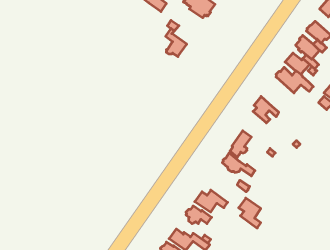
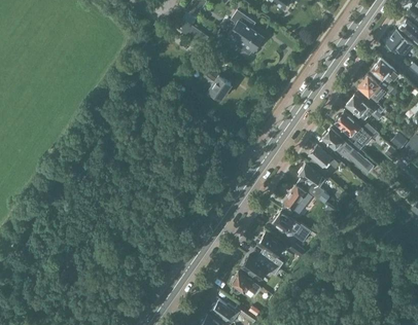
building: none -> [322,128,375,170]
building: none -> [298,164,330,203]
building: [239,198,261,228] -> [257,232,283,267]

